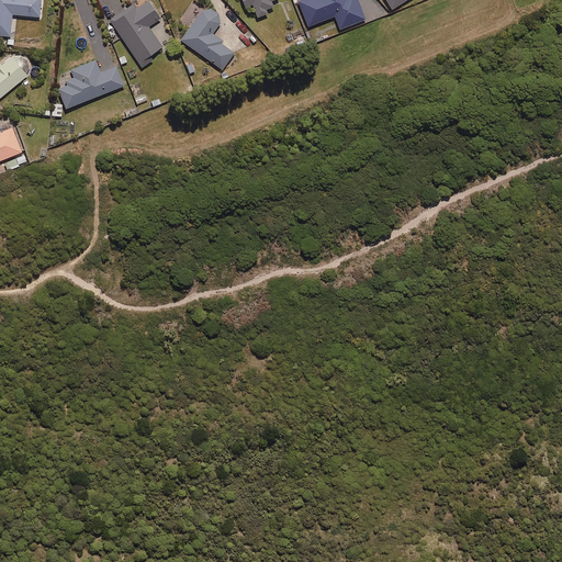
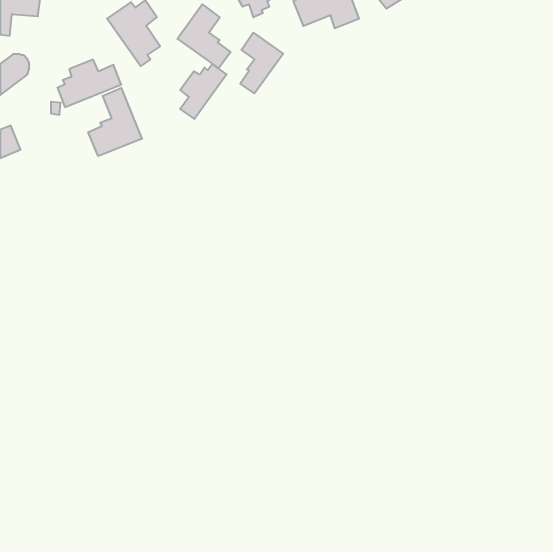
building: none -> [240,33,283,93]
building: none -> [180,64,227,119]
building: none -> [88,88,142,156]

